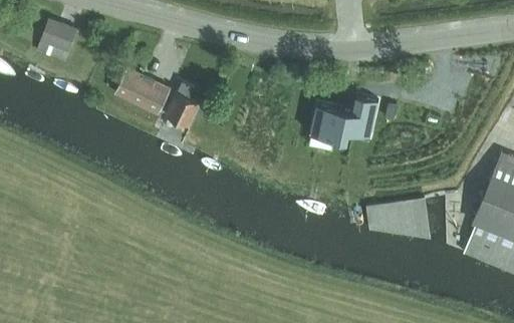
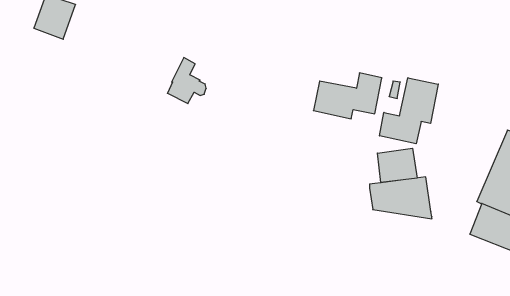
building: [114,68,171,114] -> none
building: none -> [380,78,438,144]
building: none -> [377,148,417,183]

